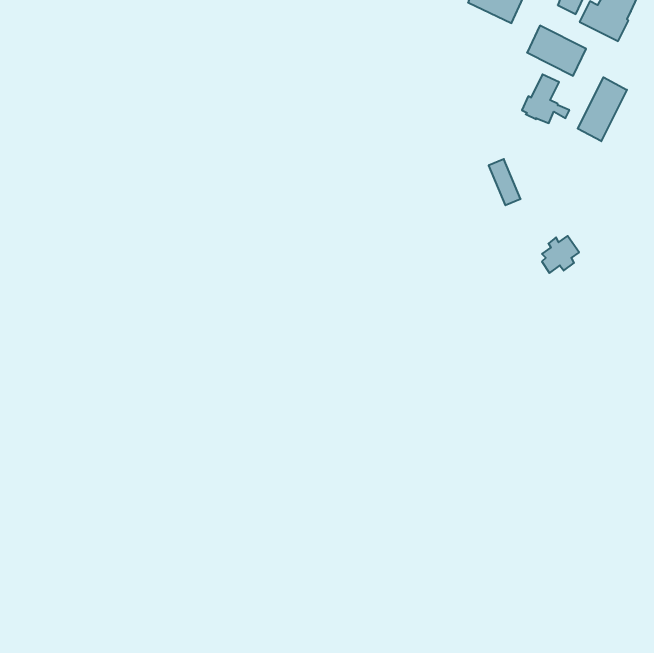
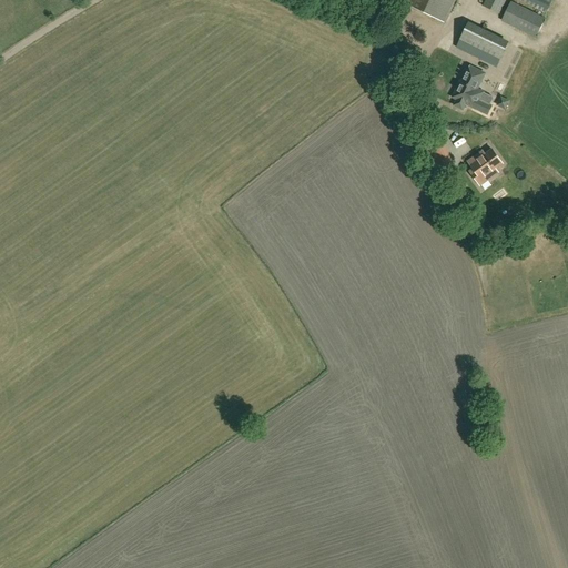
building: [578,77,627,141] -> none
building: [542,236,579,273] -> [469,148,501,180]

